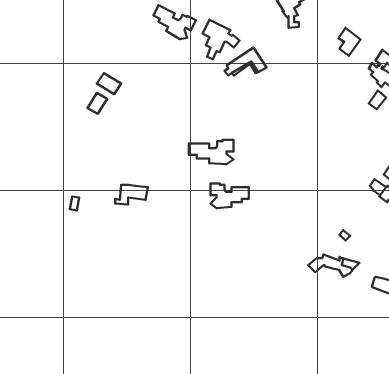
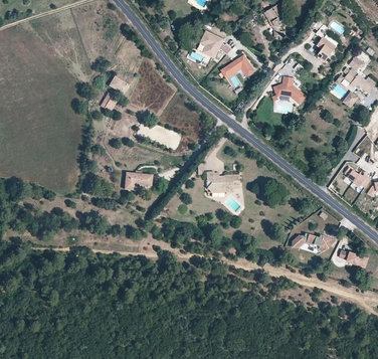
building: [153,5,196,39] -> none
building: none -> [271,76,306,104]
building: [189,140,233,164] -> none

